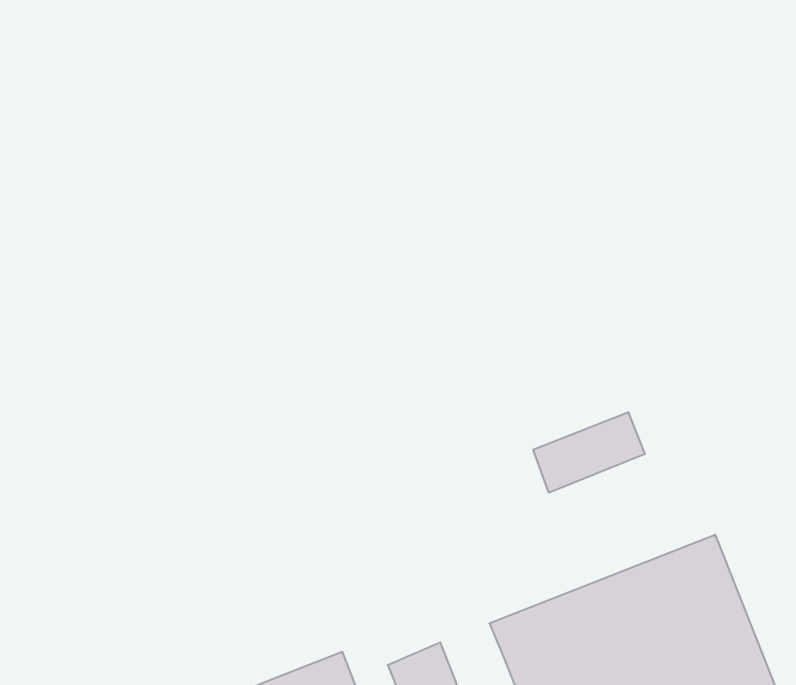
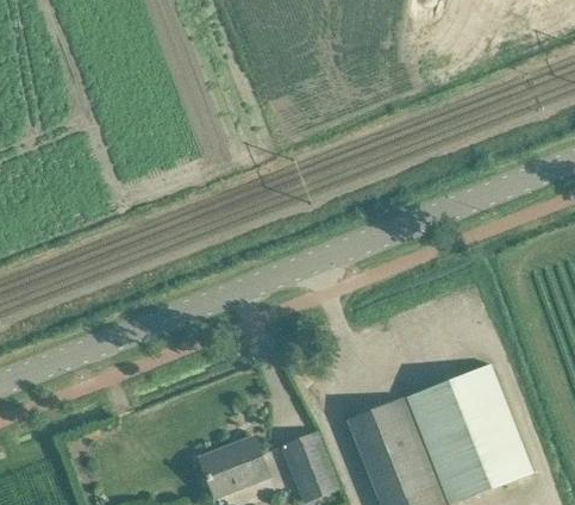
building: [533,412,645,493] -> none

